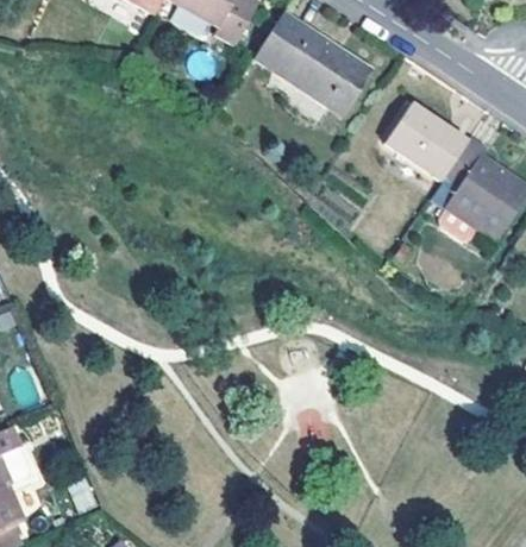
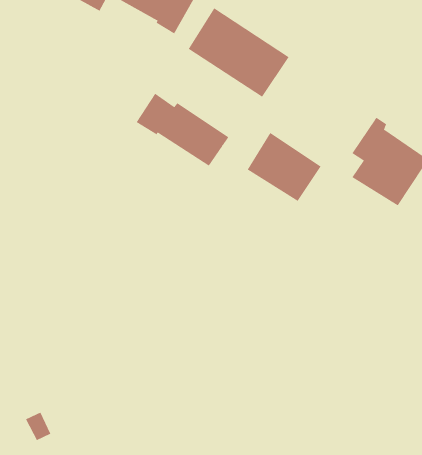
building: [383,100,469,180] -> [247,132,322,202]
building: none -> [136,93,229,167]

